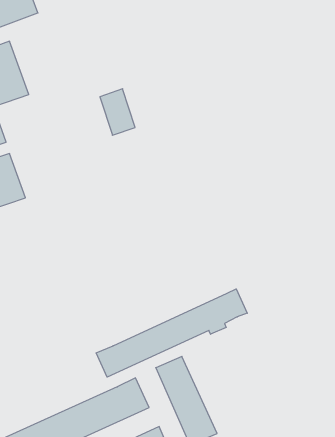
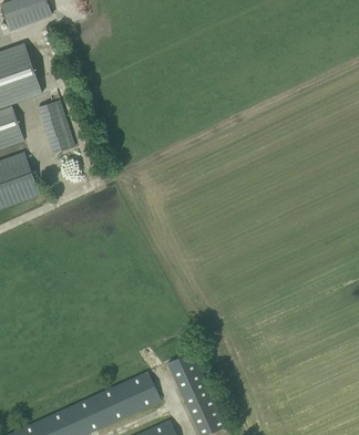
building: [100,89,135,135] -> [37,100,71,145]
building: [96,289,247,377] -> none

